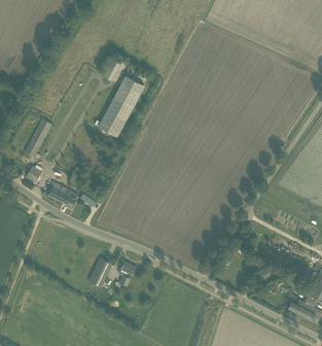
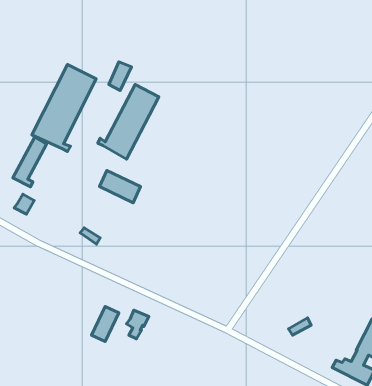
building: none -> [32,65,96,152]
building: [43,179,77,206] -> [99,170,141,203]

